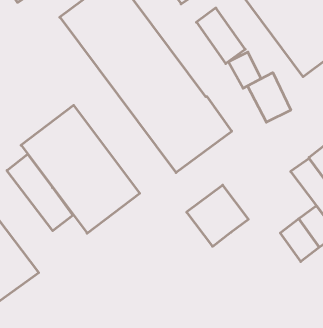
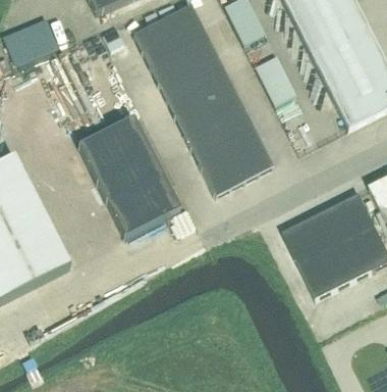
building: [248,73,291,122] -> none
building: [7,154,73,231] -> none
building: [187,185,248,246] -> [283,211,339,266]

